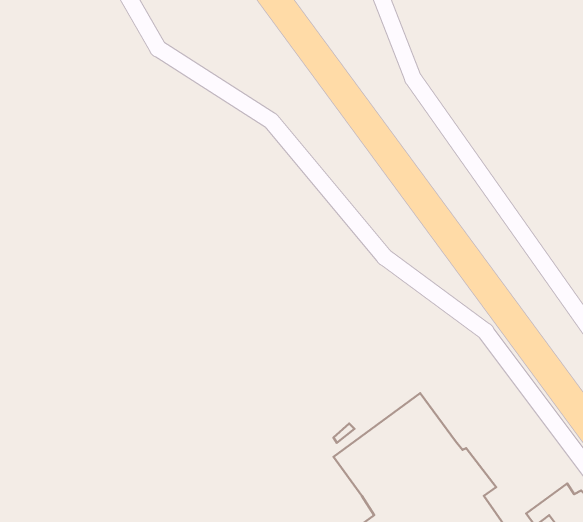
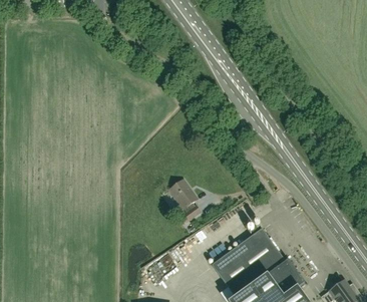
building: none -> [169,177,202,220]

